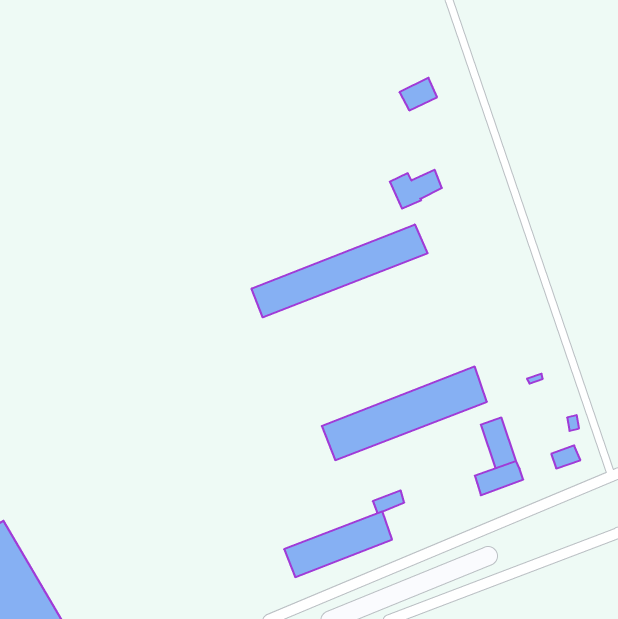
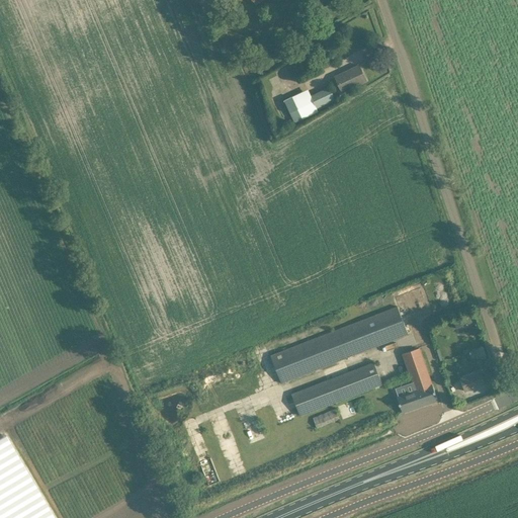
building: [390,170,442,209] -> [290,87,334,119]
building: [252,224,428,317] -> none
building: [284,512,392,577] -> [289,362,379,417]

